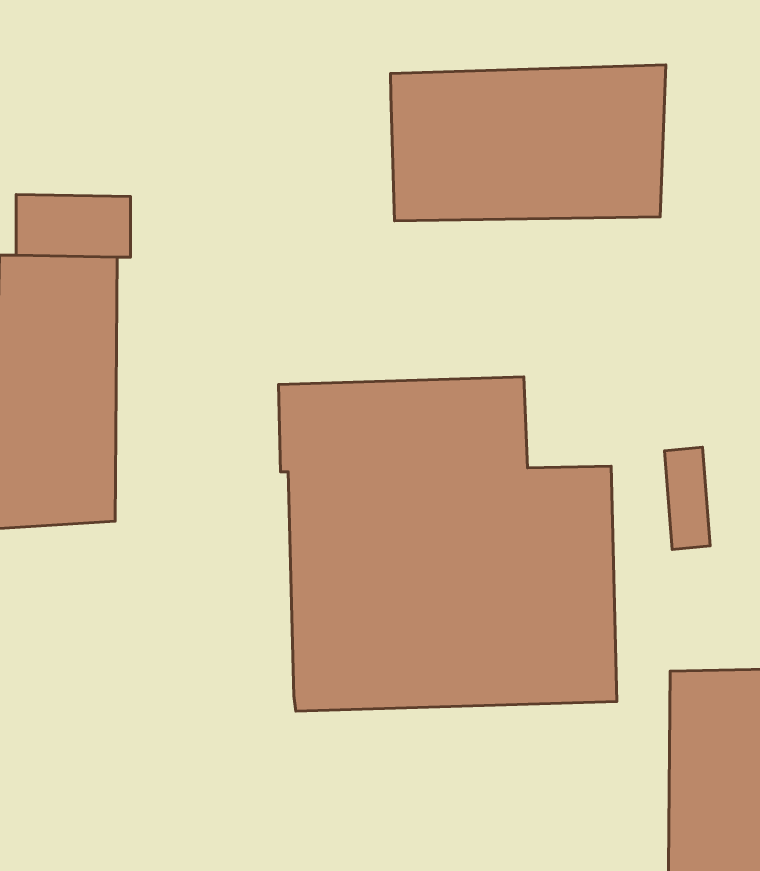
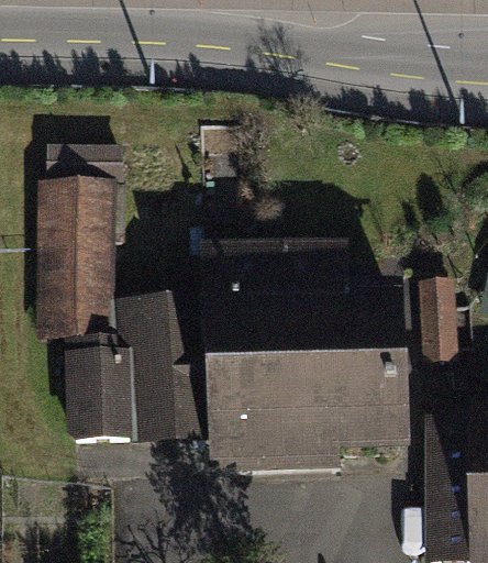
building: [391,65,666,221] -> none
building: none -> [74,310,211,444]

